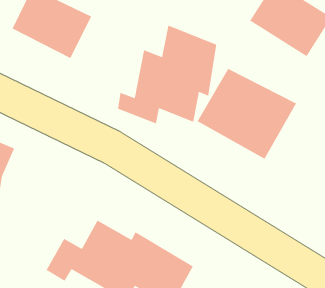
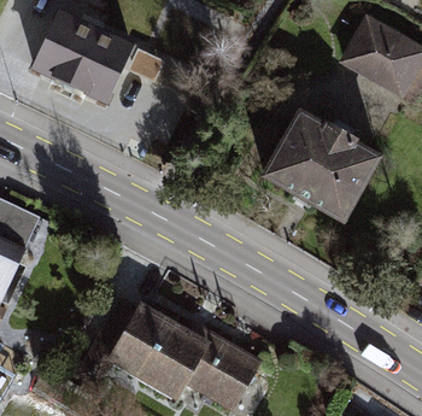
building: [117,24,217,124] -> none

